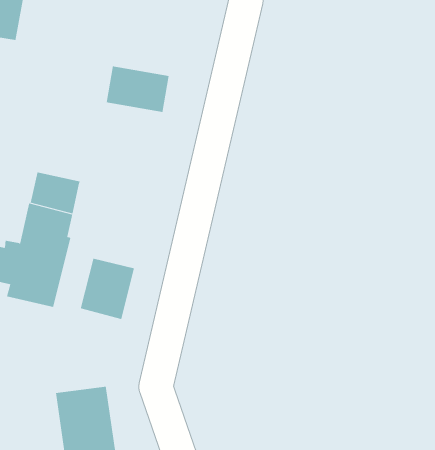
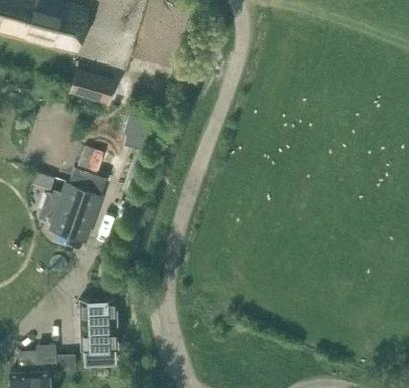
building: [106,66,169,113] -> [69,70,115,106]
building: [80,258,135,320] -> none

